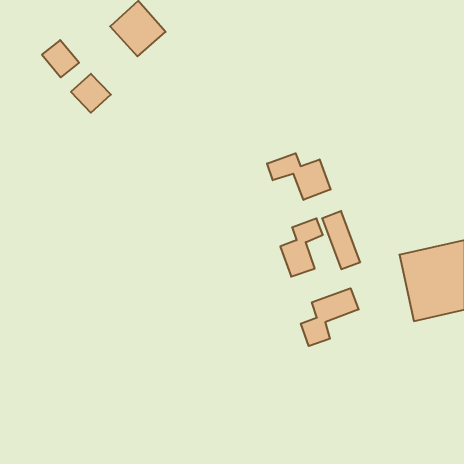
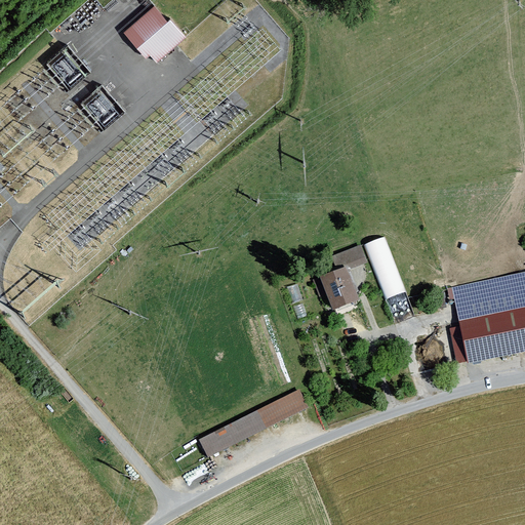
building: [267,153,331,200] -> none
building: [301,288,359,346] -> none
building: none -> [196,390,307,459]

